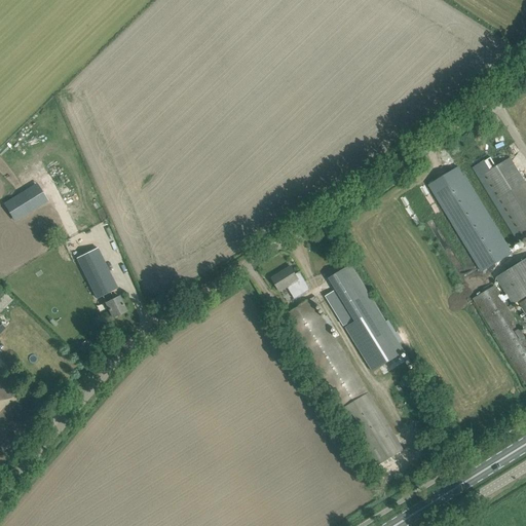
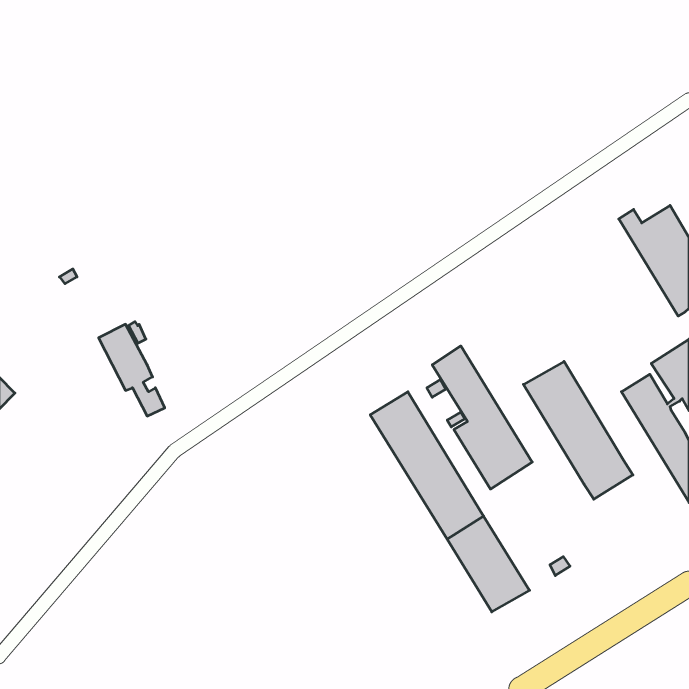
building: [427,166,511,271] -> [523,361,633,499]
building: [4,181,51,222] -> none
building: [271,265,309,298] -> none

